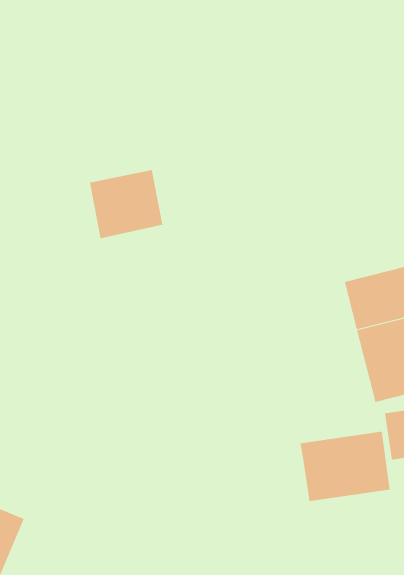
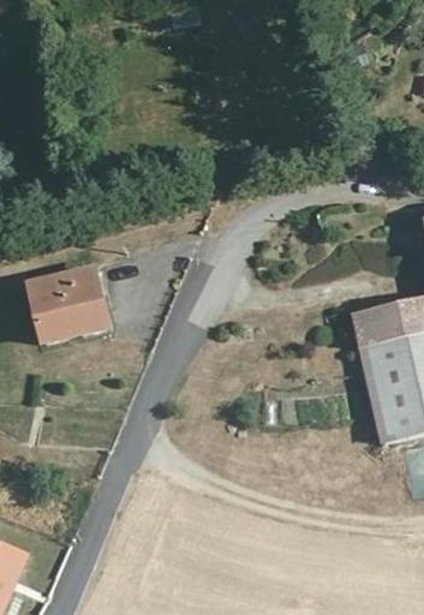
building: [89,170,163,239] -> [24,277,100,348]
building: [300,431,390,502] -> none

